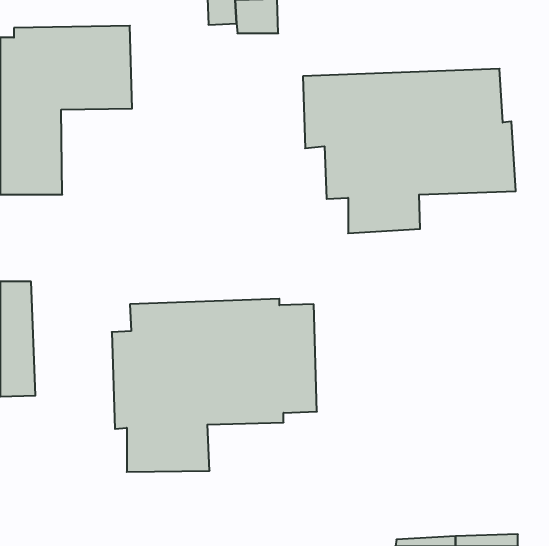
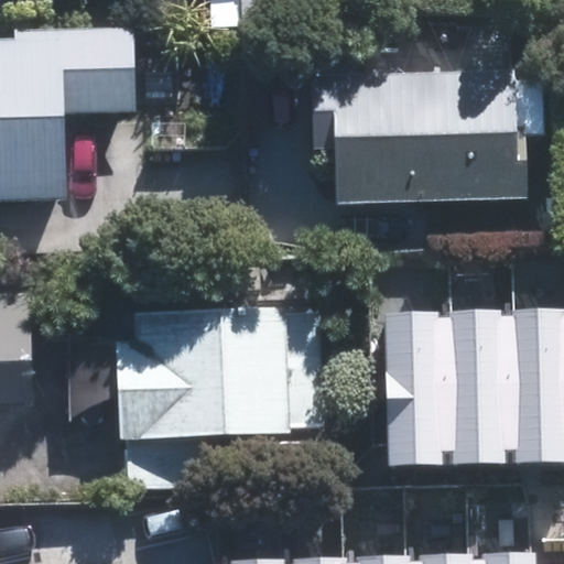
building: none -> [386,308,547,462]

